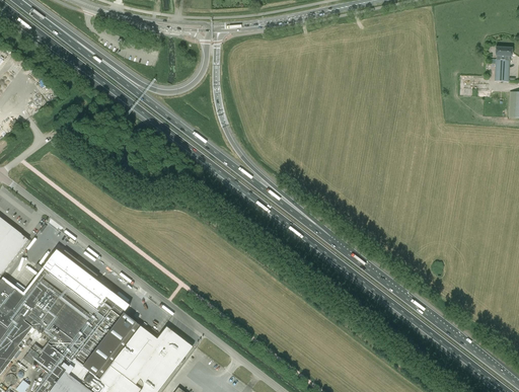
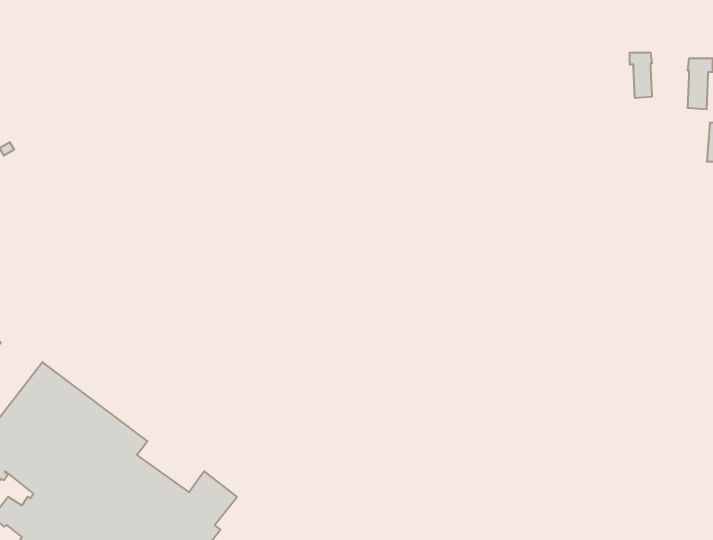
building: none -> [630,53,652,98]

